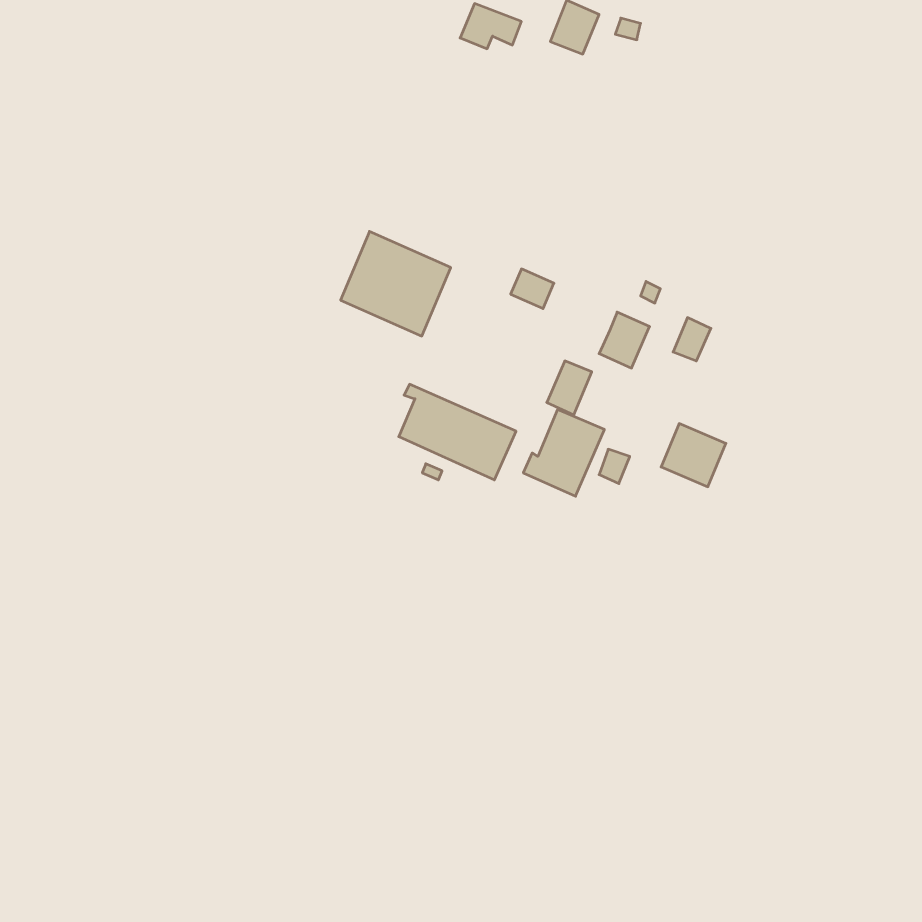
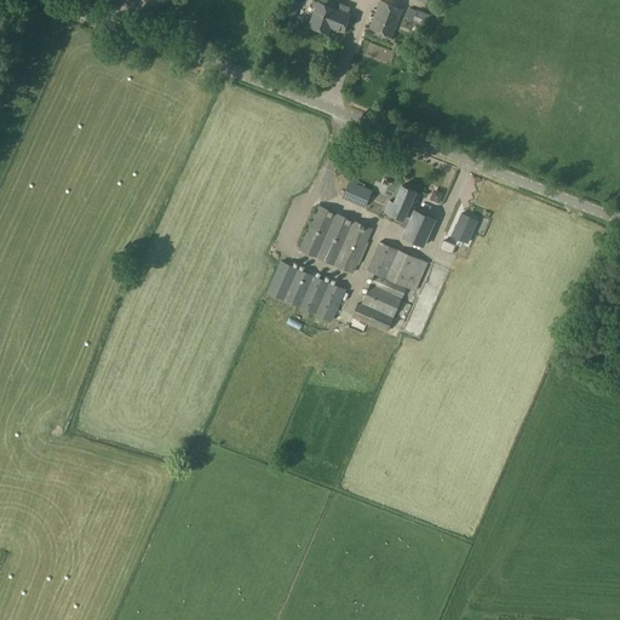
building: [341,231,451,336] -> [299,205,373,275]
building: none -> [385,185,421,222]
building: [661,424,726,487] -> [385,249,429,292]

